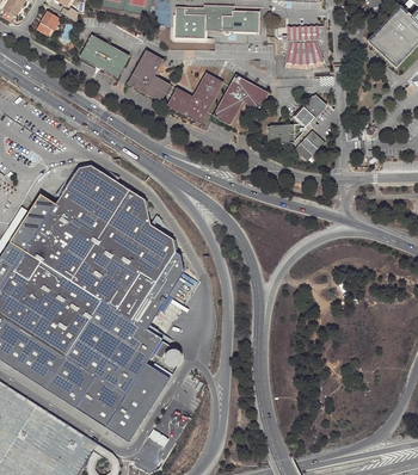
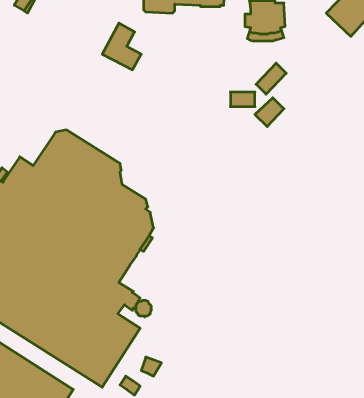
building: [79,35,128,78] -> none
building: [167,73,222,123] -> none
building: [213,75,268,125] -> none

